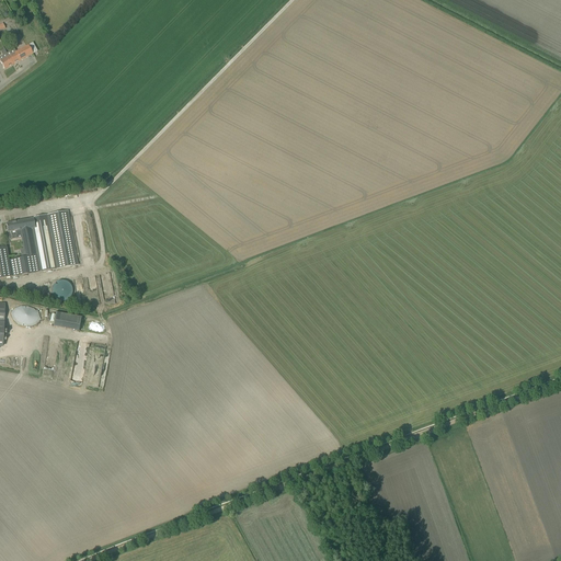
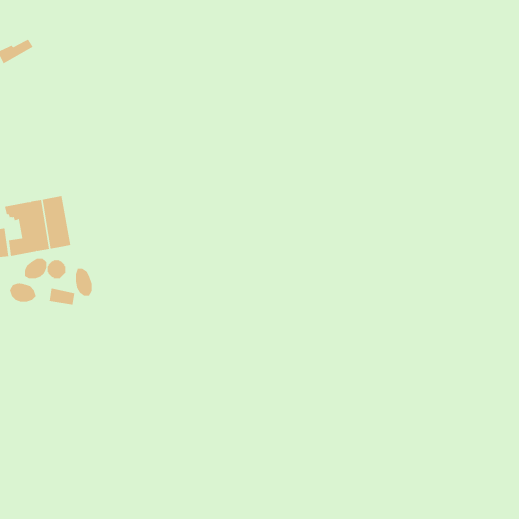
building: none -> [25,258,47,279]
building: none -> [75,268,92,296]

